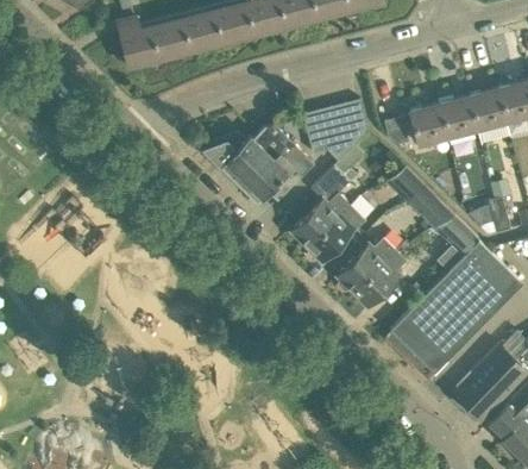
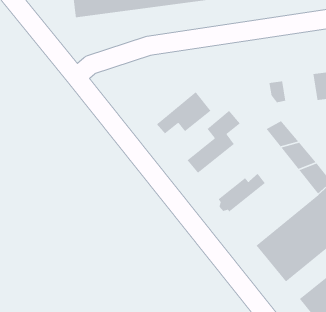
building: [302,99,369,161] -> none
building: [409,102,448,145] -> none
building: [201,123,293,186] -> none
building: [307,204,372,263] -> none
building: [352,249,407,308] -> none

